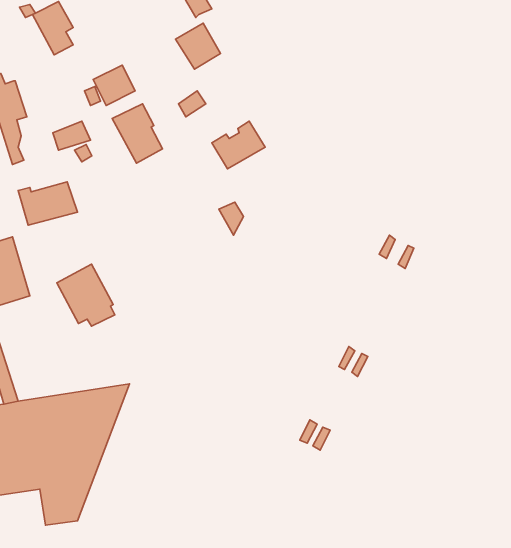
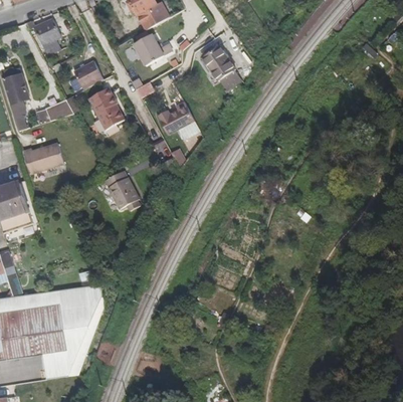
building: none -> [202,43,240,87]
building: [57,264,115,326] -> [100,169,141,212]

